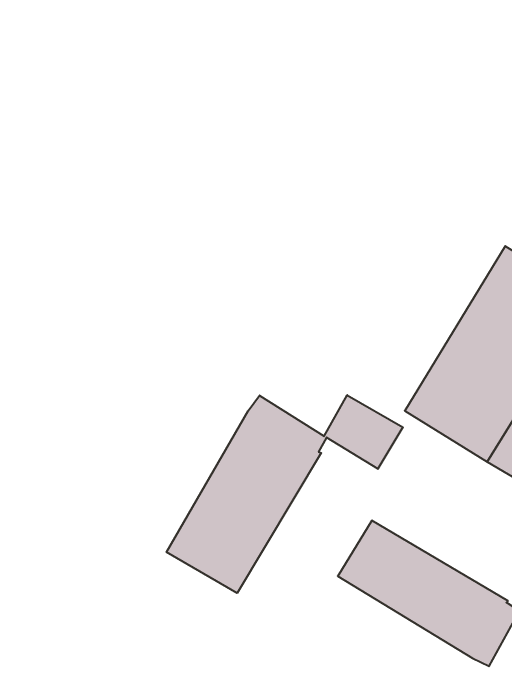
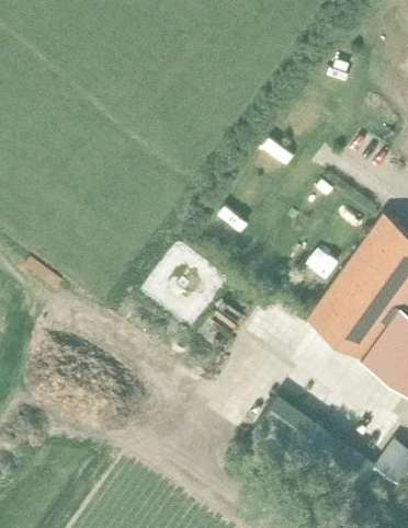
building: [167,395,403,593] -> none

